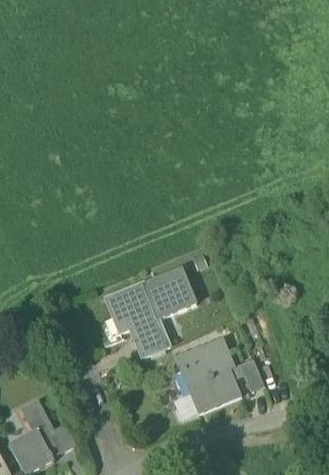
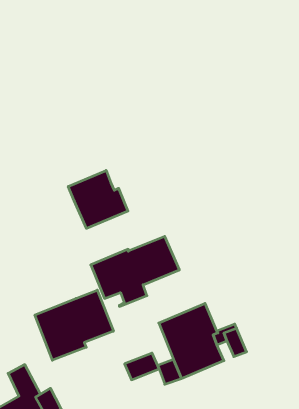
building: none -> [68,170,128,228]
building: none -> [35,290,113,360]
building: [134,330,170,357] -> [125,353,159,380]

